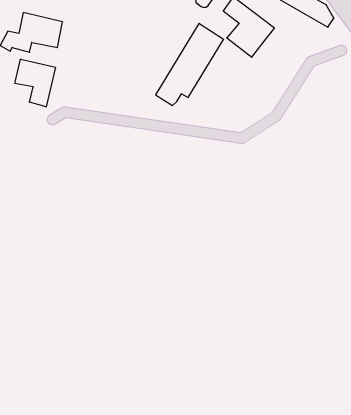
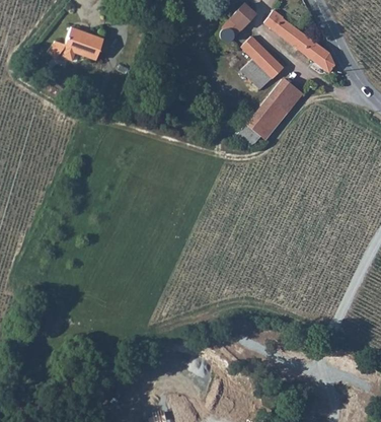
building: [156,24,224,106] -> [238,78,302,145]
building: [15,59,55,107] -> none

